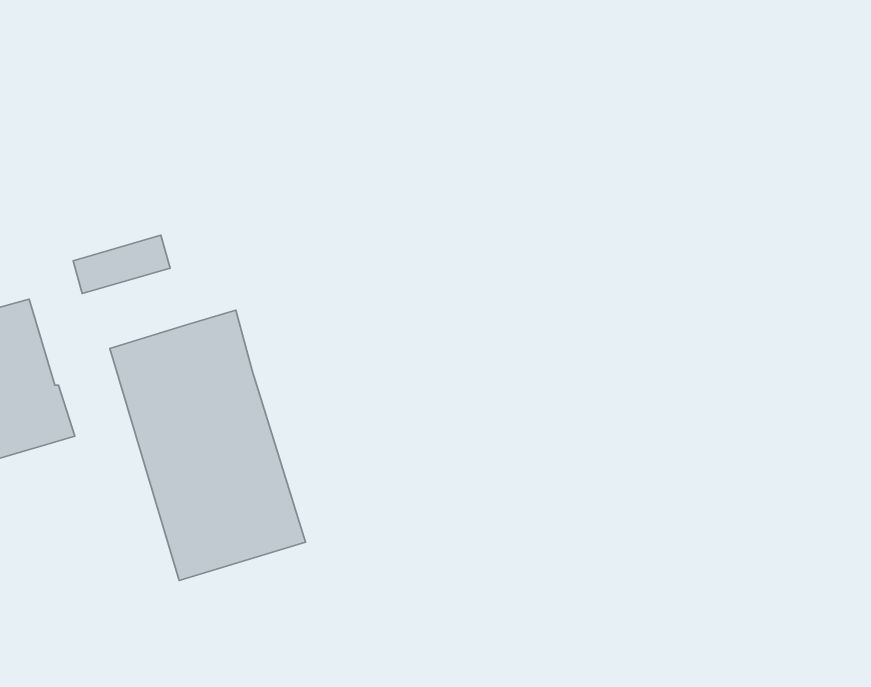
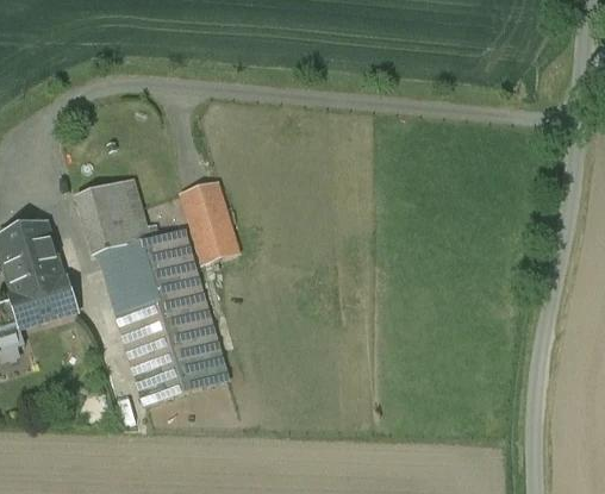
building: none -> [180,180,236,262]
building: none -> [81,199,149,251]

